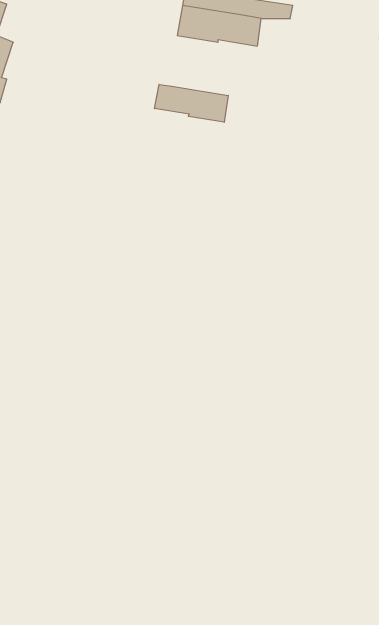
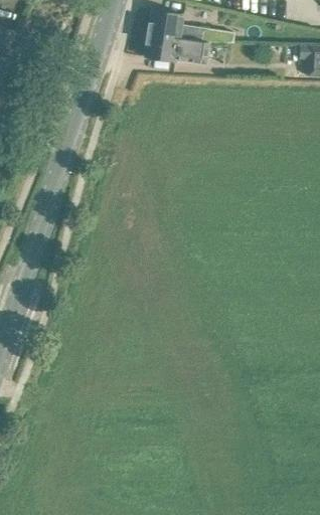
building: [155,84,228,122] -> none

